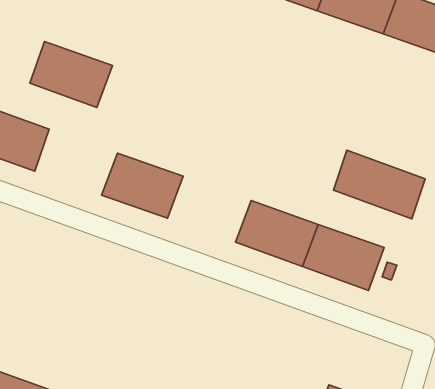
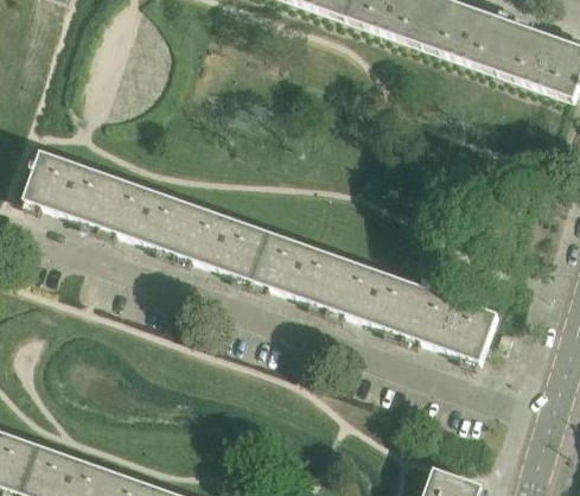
building: [30,41,113,107] -> [98,177,192,252]
building: [334,150,425,219] -> none
building: none -> [249,230,344,305]

